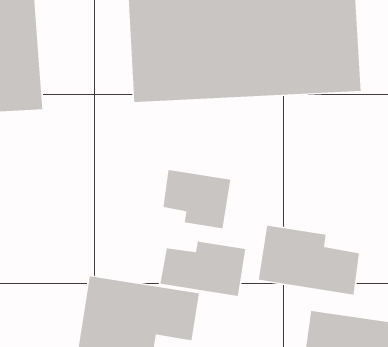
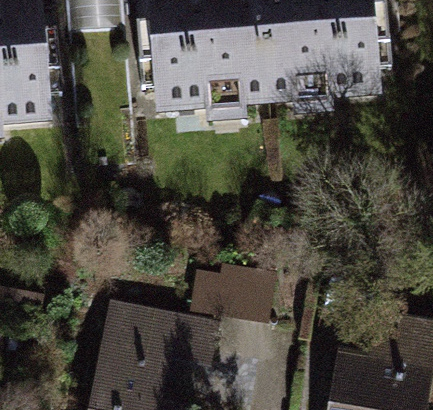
building: [162,169,231,229] -> none
building: [258,225,360,295] -> none

